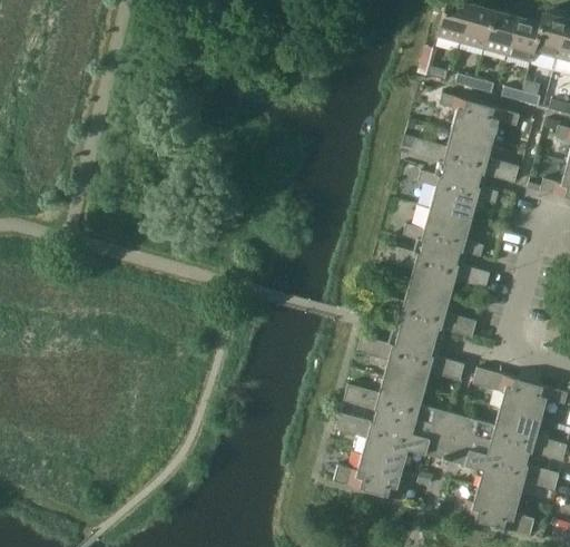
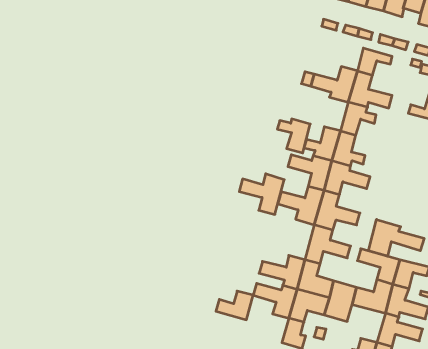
building: [440,92,482,134] -> none
building: [419,168,462,213] -> [277,119,310,153]
building: [358,329,417,382] -> [239,174,284,214]
building: none -> [368,219,424,256]
building: [461,441,511,491] -> none
building: [335,453,384,491] -> [216,291,253,320]

